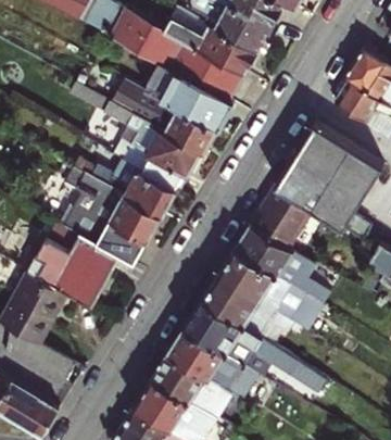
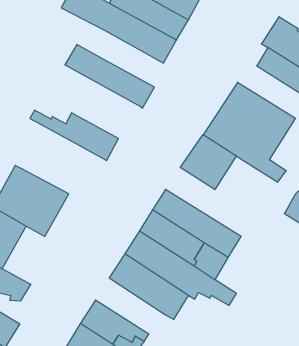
building: [144,63,235,131] -> none
building: [100,99,202,193] -> none
building: [63,175,161,265] -> none
building: [231,225,328,306] -> none
building: [149,355,231,424] -> none

